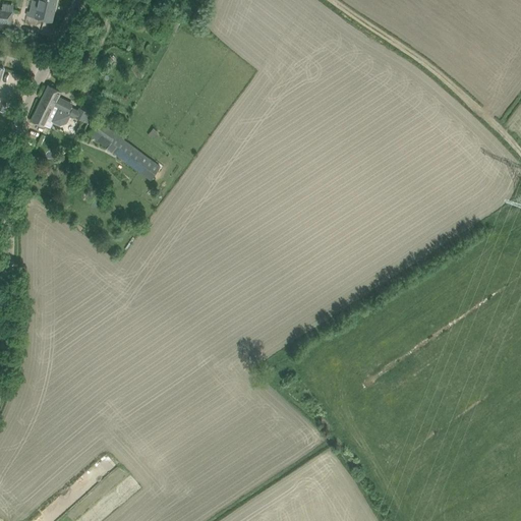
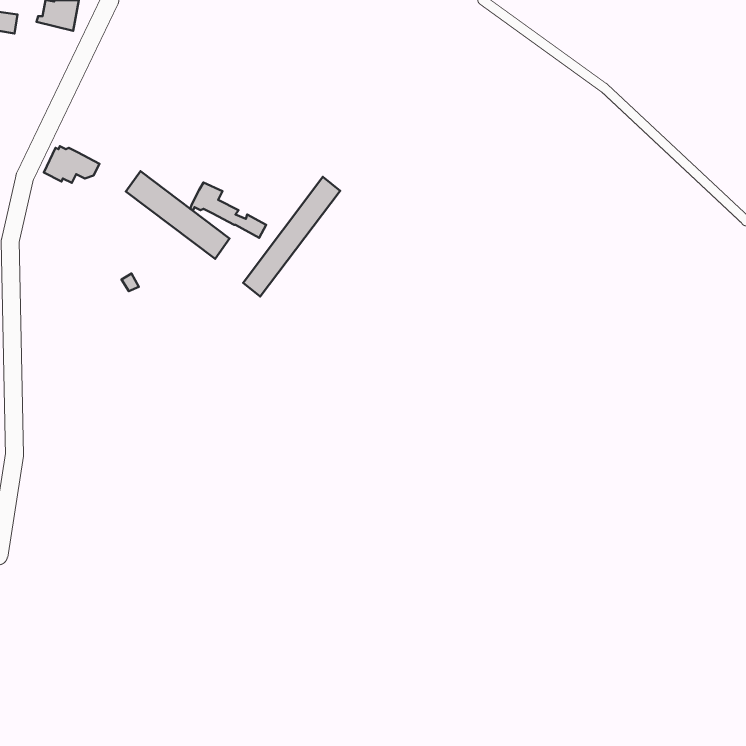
building: [39,85,92,124] -> [190,182,266,238]
building: none -> [243,177,340,297]

